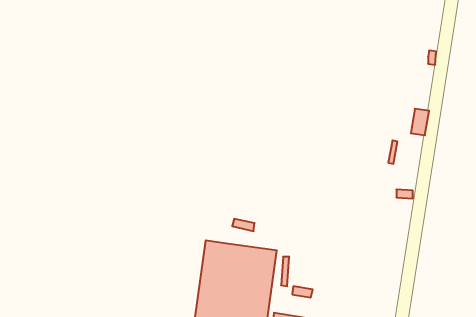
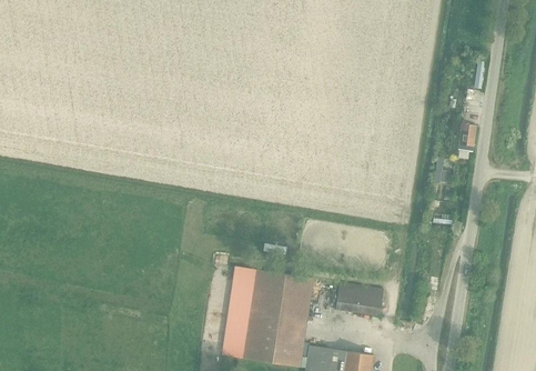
building: none -> [335,283,383,315]

